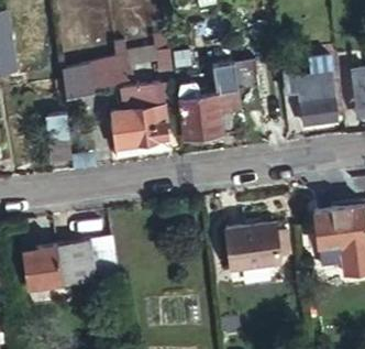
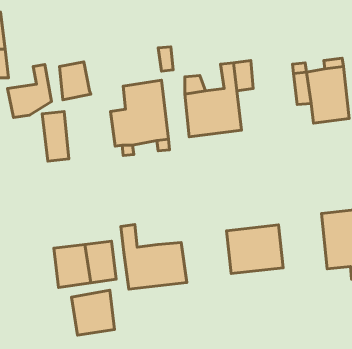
building: [87,44,129,95] -> [8,64,52,118]
building: none -> [121,224,187,289]
building: [22,244,63,287] -> [72,290,114,335]

